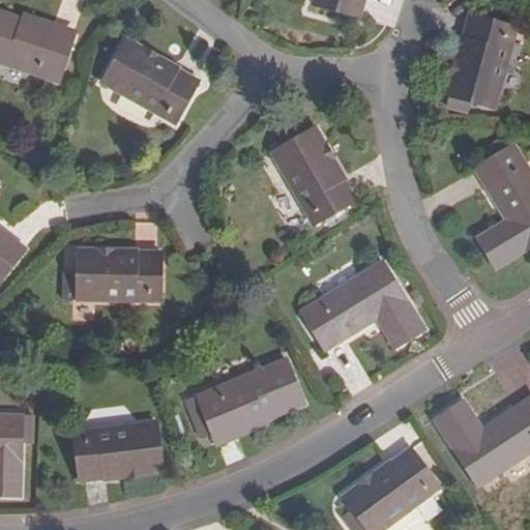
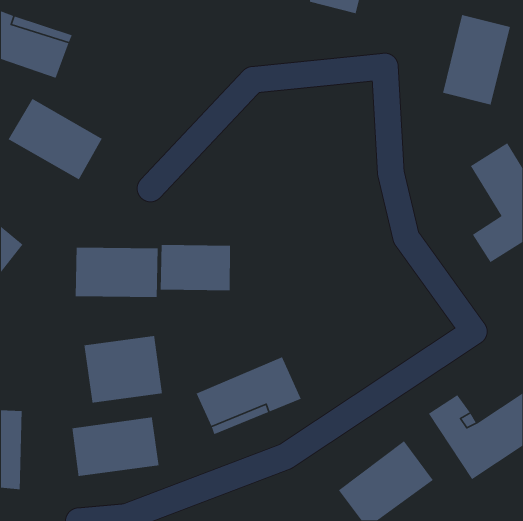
building: [101,39,198,123] -> [8,98,103,181]
building: [271,127,356,224] -> none
building: none -> [160,244,231,291]
building: [301,260,424,349] -> none
building: none -> [84,335,163,404]

